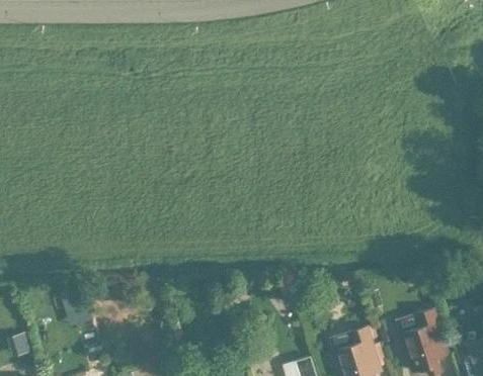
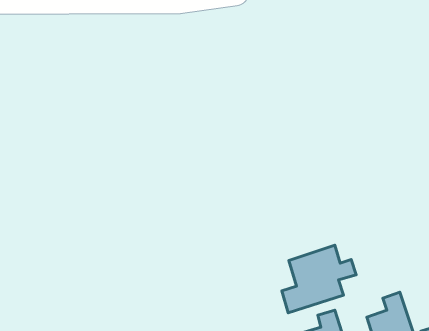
building: none -> [282,245,356,313]

